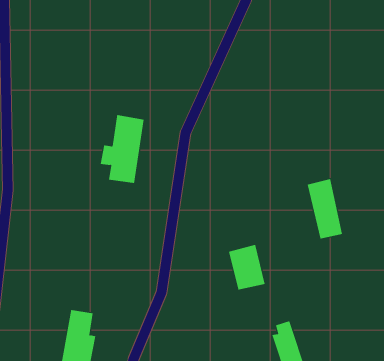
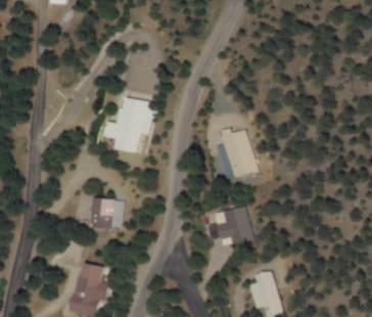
building: [307,179,343,239] -> [220,127,250,178]
building: none -> [93,197,112,227]

